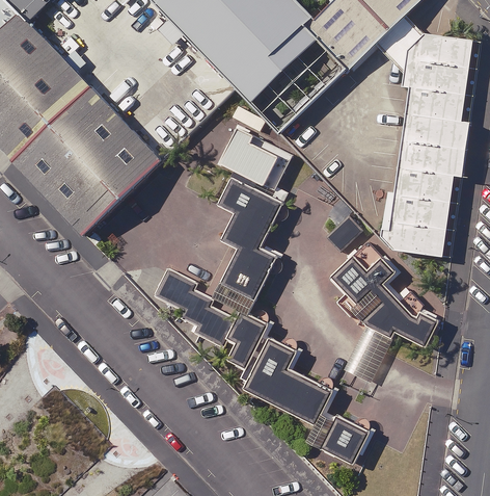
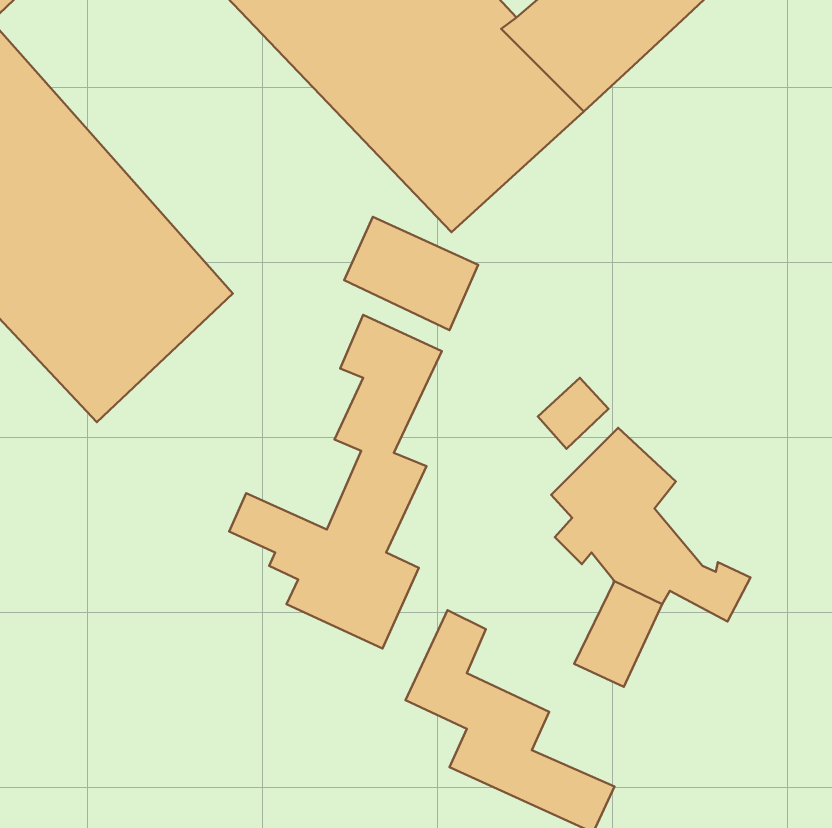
building: [377,17,471,256] -> none

